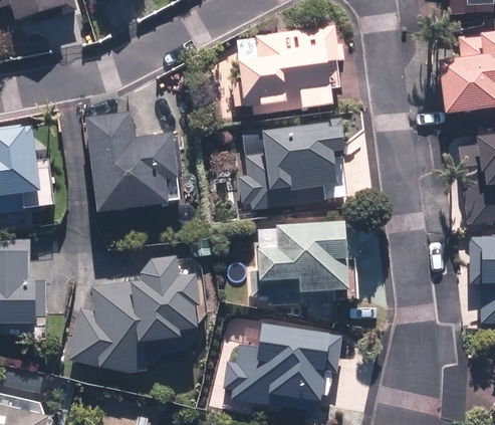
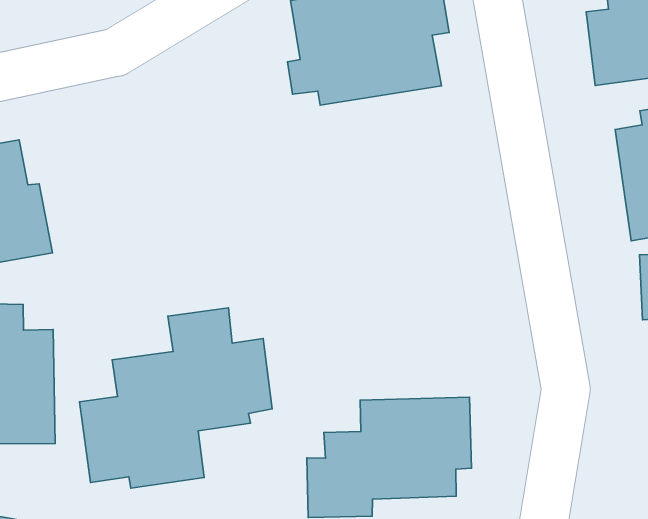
building: [88,112,187,211] -> none
building: [235,123,347,210] -> none
building: [257,219,357,289] -> none

